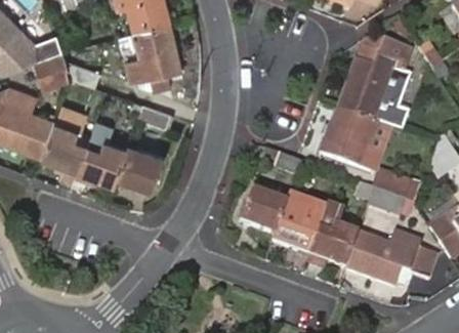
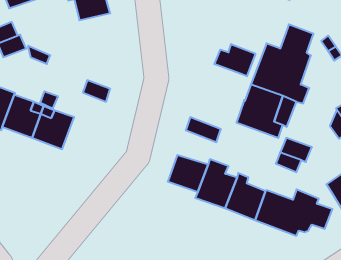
building: [133,20,181,79] -> none
building: none -> [214,44,255,76]
building: [116,142,163,189] -> none

